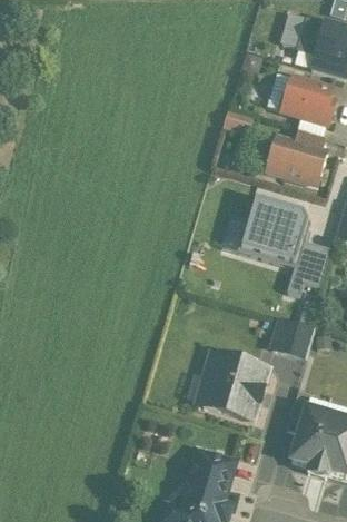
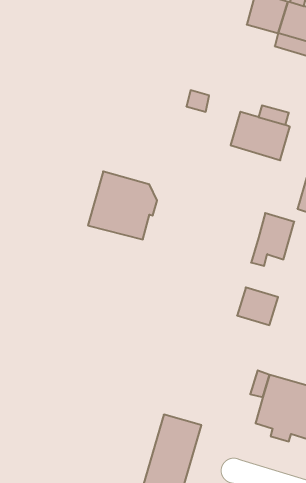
building: [281,75,335,122] -> none
building: [238,195,309,265] -> [88,171,157,239]
building: [202,349,269,417] -> none

